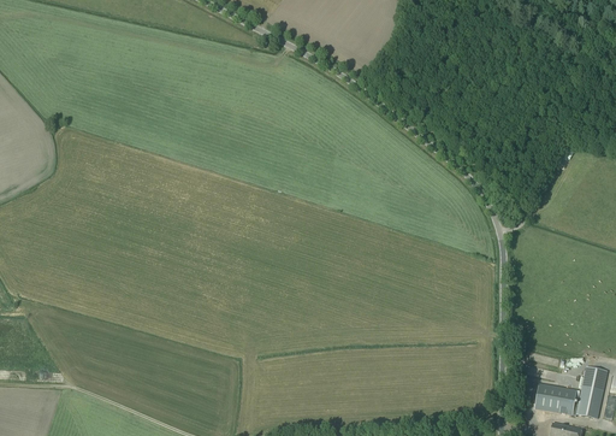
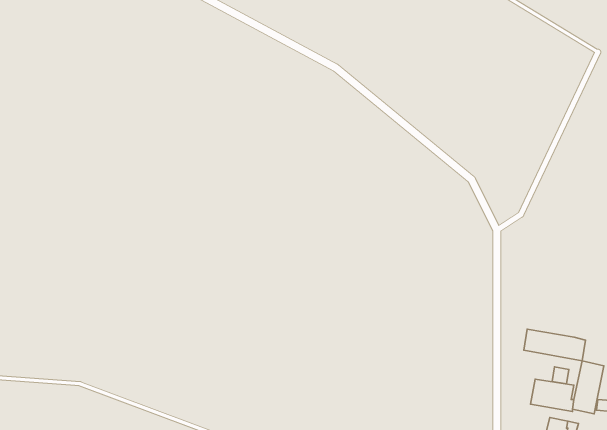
building: none -> [524,329,586,361]

